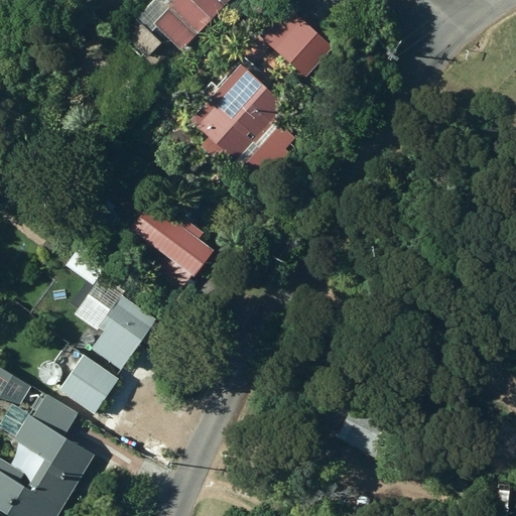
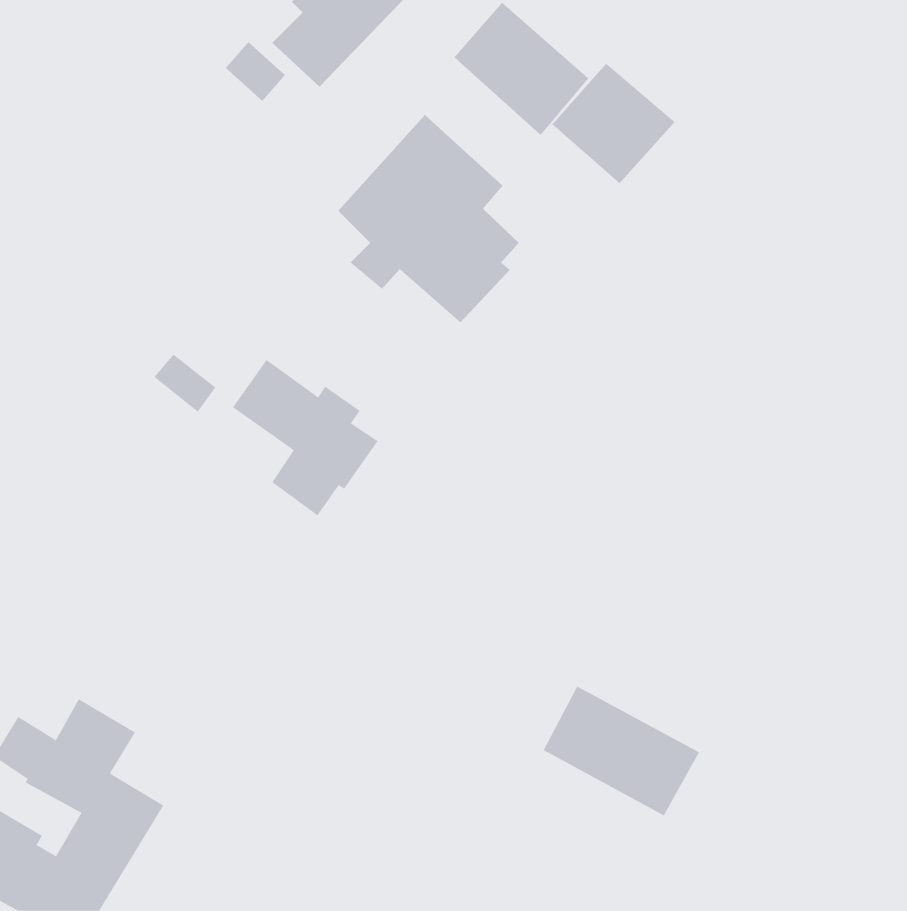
building: none -> [552,63,676,184]
building: [91,300,157,370] -> none
building: [57,354,118,414] -> none

